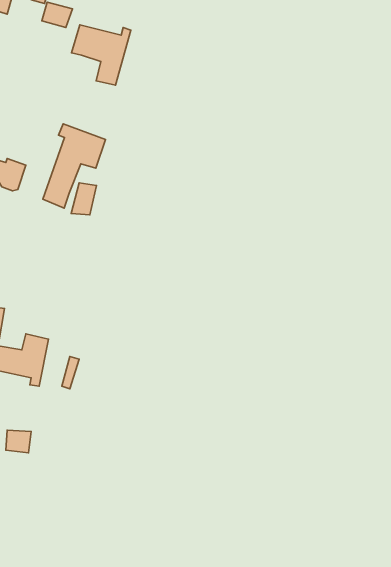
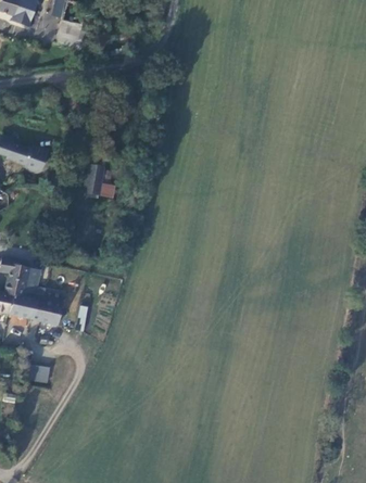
building: [71,25,131,85] -> none
building: [43,124,106,208] -> none

